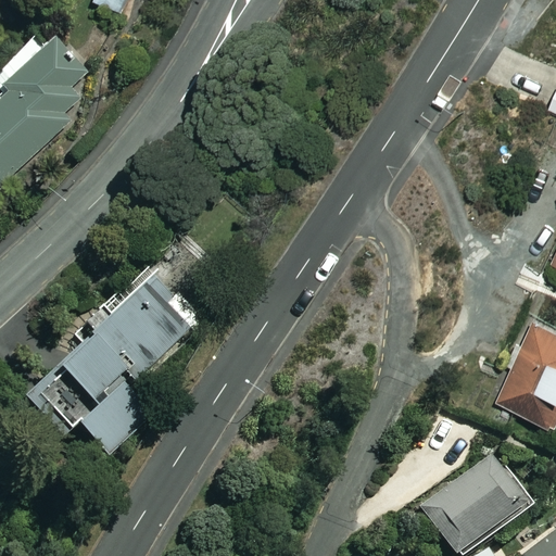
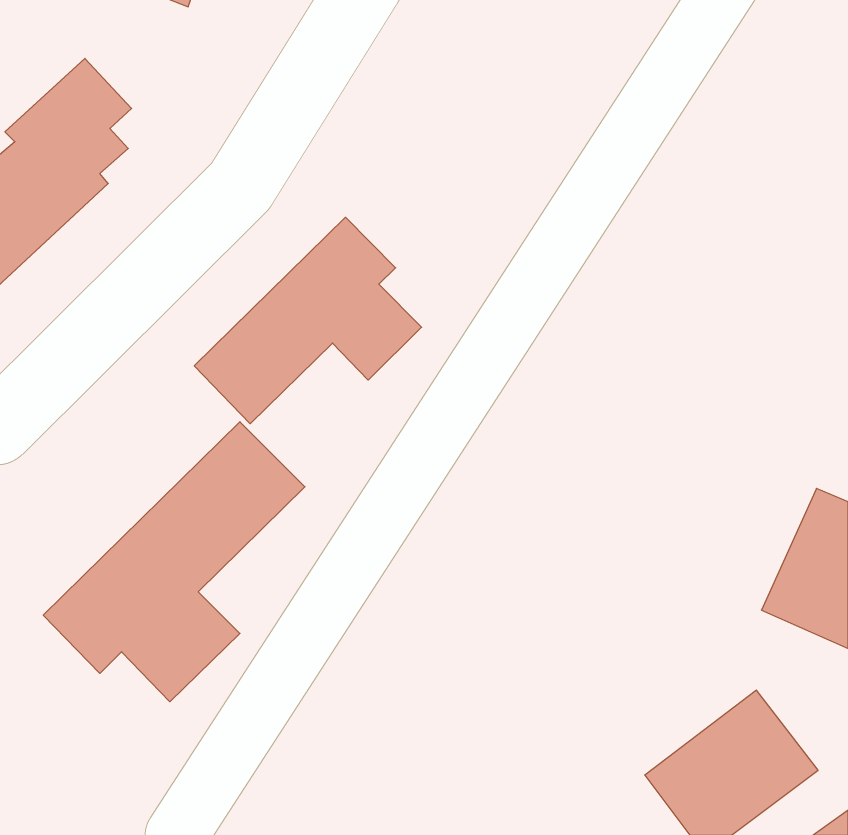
building: none -> [194,217,422,424]

